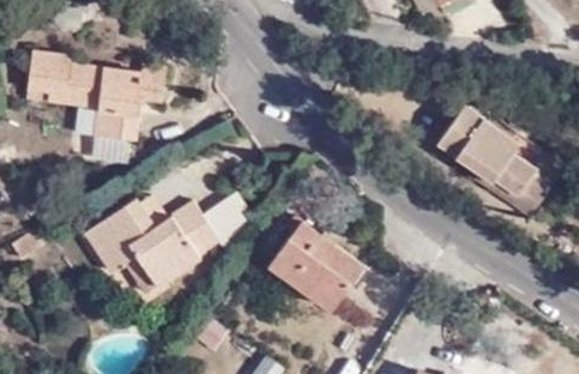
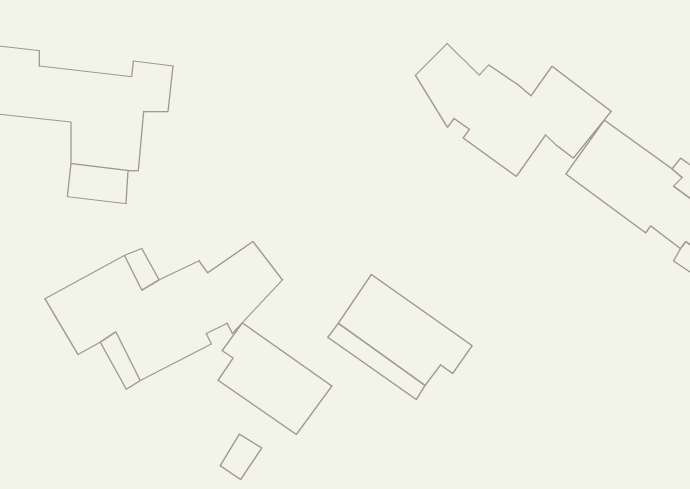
building: none -> [415,44,611,176]
building: none -> [218,323,332,434]

